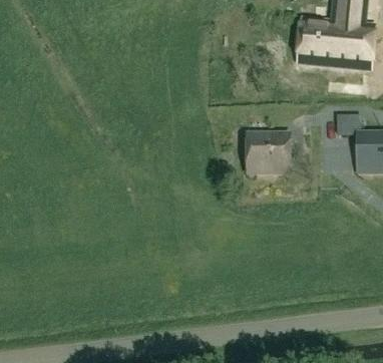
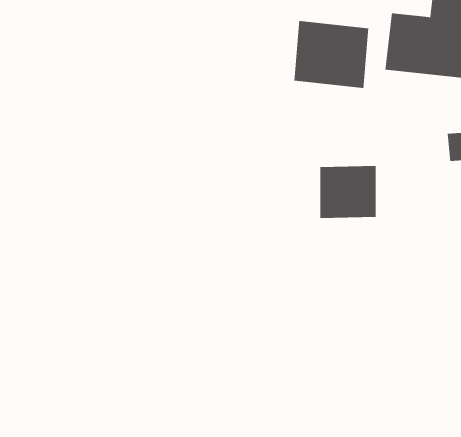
building: none -> [294,20,369,89]

